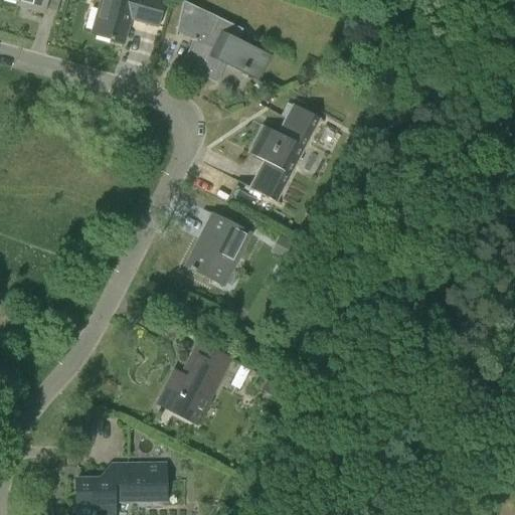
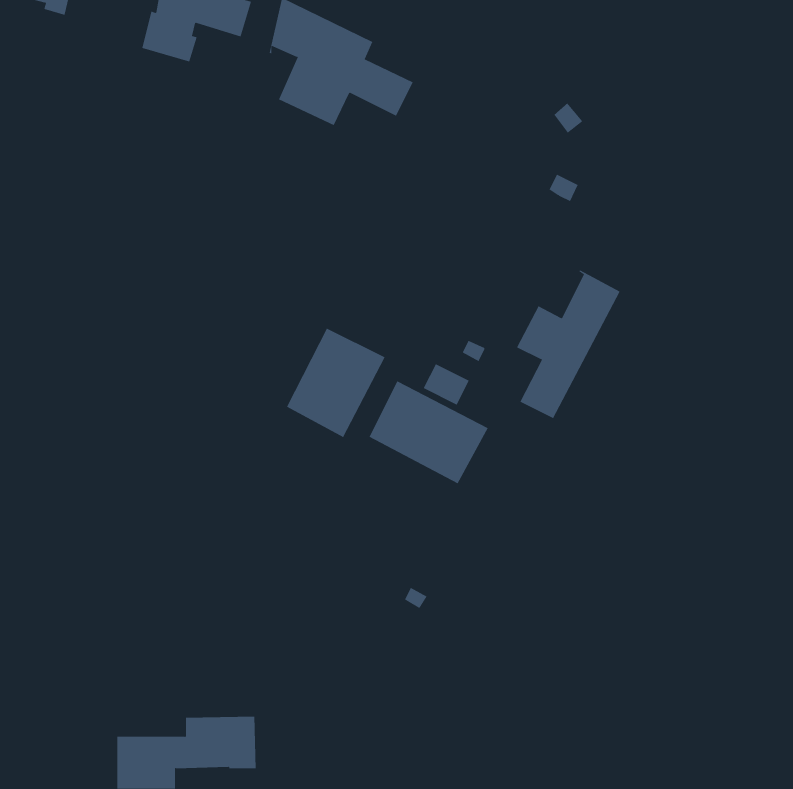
building: [251,102,319,198] -> [516,270,620,419]
building: none -> [369,380,488,484]
building: [158,341,230,421] -> none

